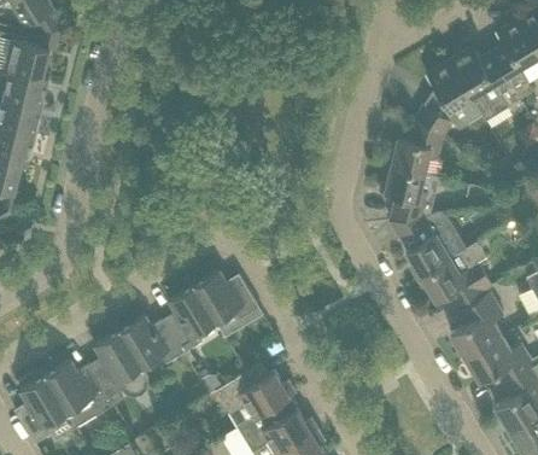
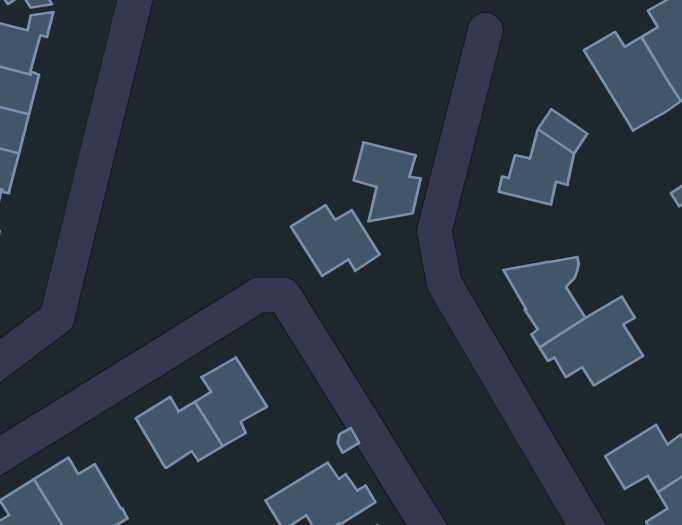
building: [425,62,470,113] -> none
building: [378,165,427,223] -> [354,142,421,221]
building: [192,272,257,323] -> [291,205,380,276]
building: [449,293,502,360] -> none
building: [88,332,147,398] -> none

